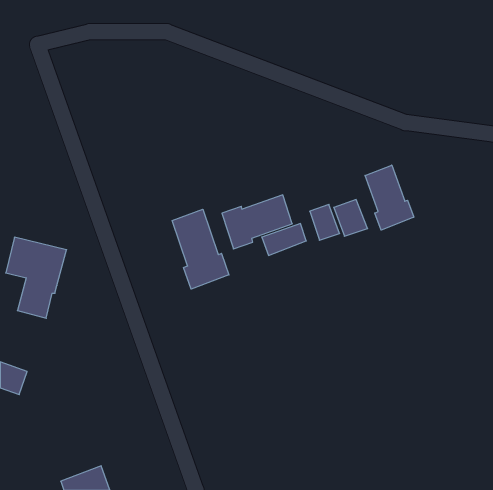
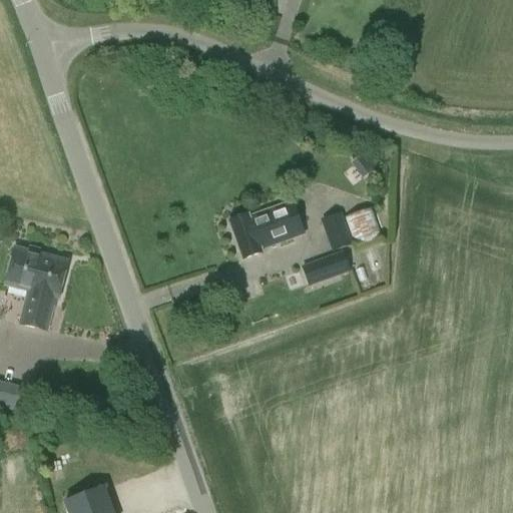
building: [365,165,414,230] -> none
building: [172,209,229,289] -> none
building: [262,224,306,255] -> [303,250,349,284]

